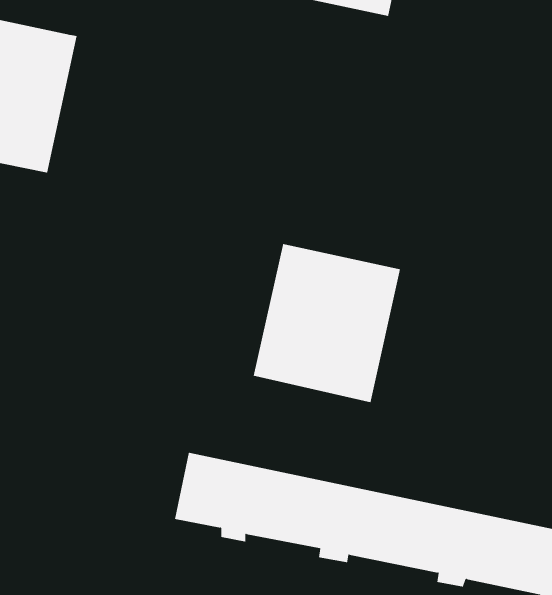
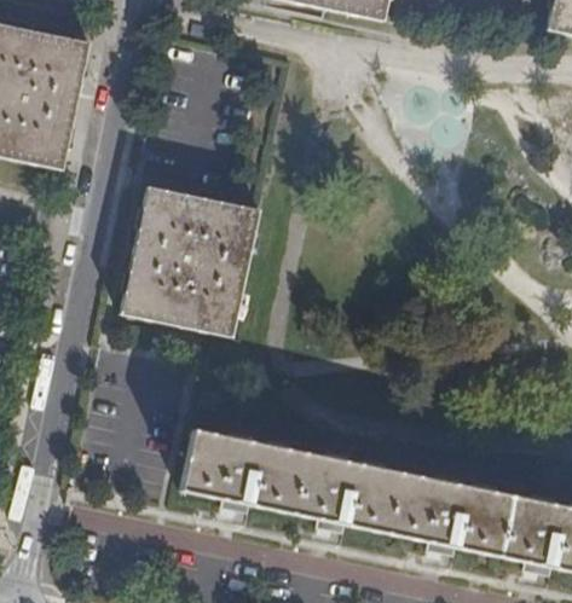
building: [253,243,401,403] -> [121,186,260,336]

